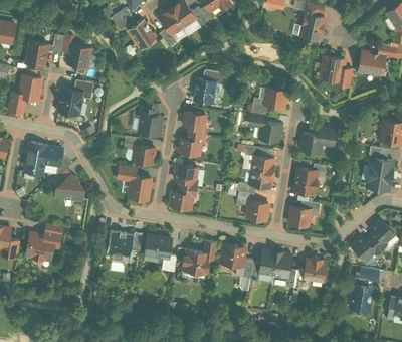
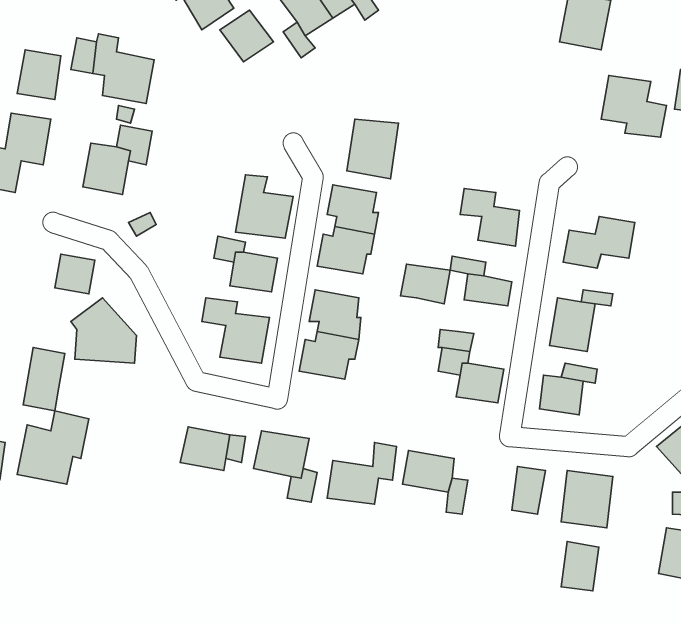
building: [261,86,289,109] -> none
building: [26,143,47,175] -> [23,347,65,411]
building: [248,169,273,189] -> [400,264,450,304]
building: [259,250,278,276] -> [561,541,599,591]

